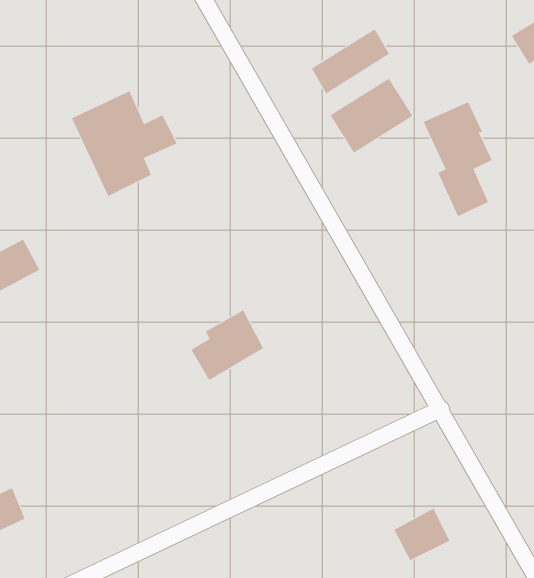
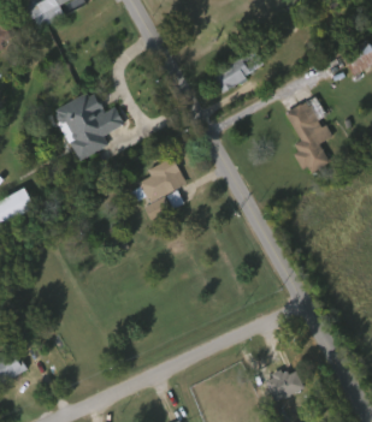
building: [330,78,413,153] -> none
building: [190,310,264,381] -> [138,156,187,203]

